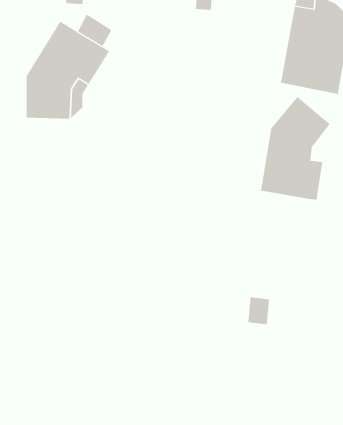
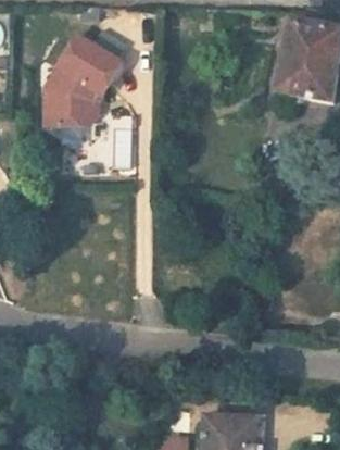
building: [261,96,331,201] -> none

